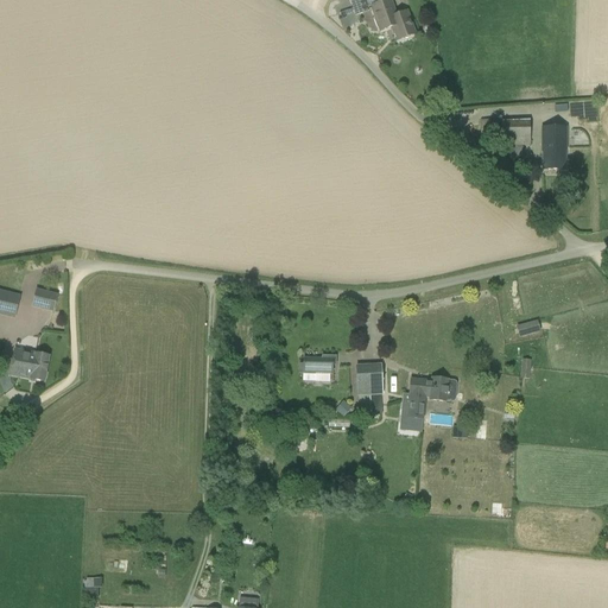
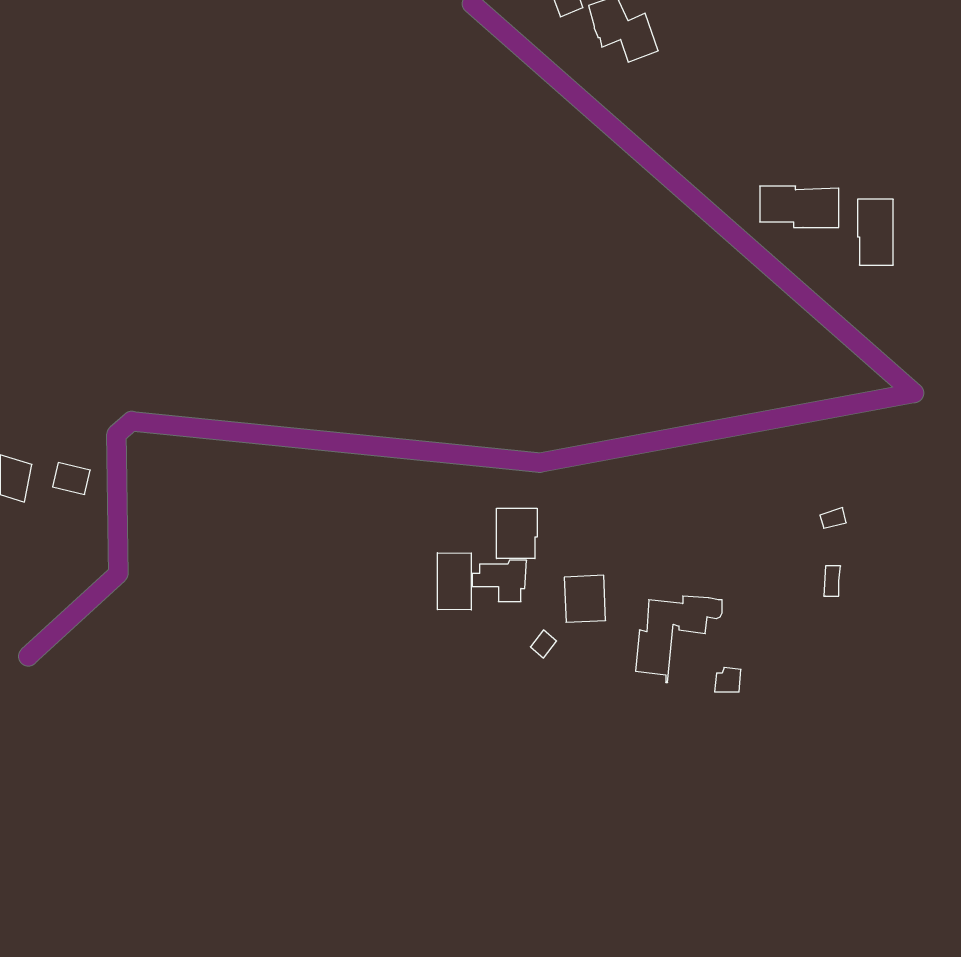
building: none -> [497,508,537,559]
building: [11,348,49,380] -> none
building: none -> [437,553,471,610]

